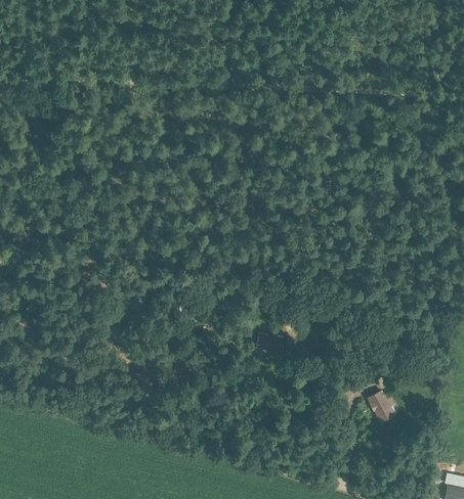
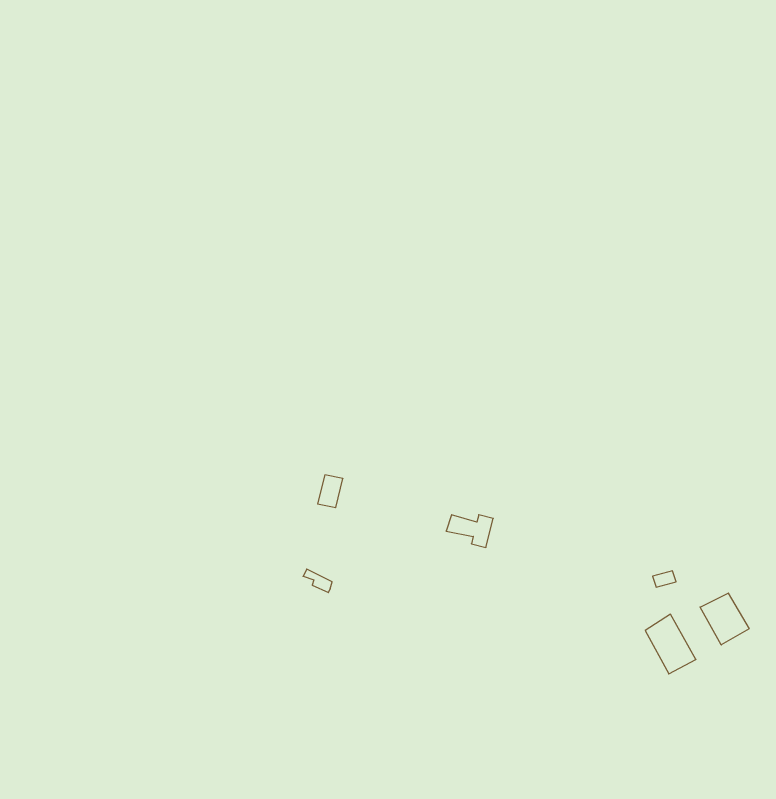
building: none -> [700,593,749,645]

